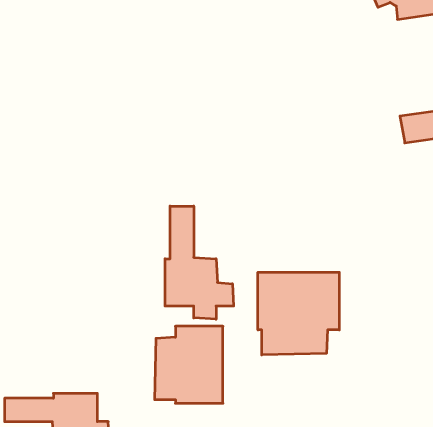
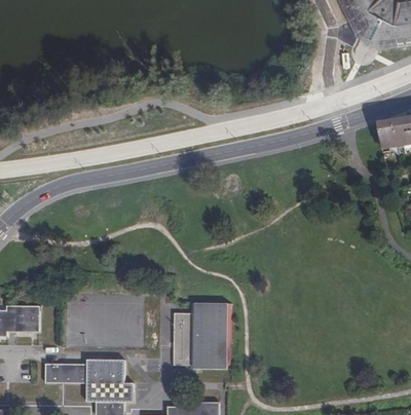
building: [165,206,234,319] -> none
building: [258,272,339,355] -> none

